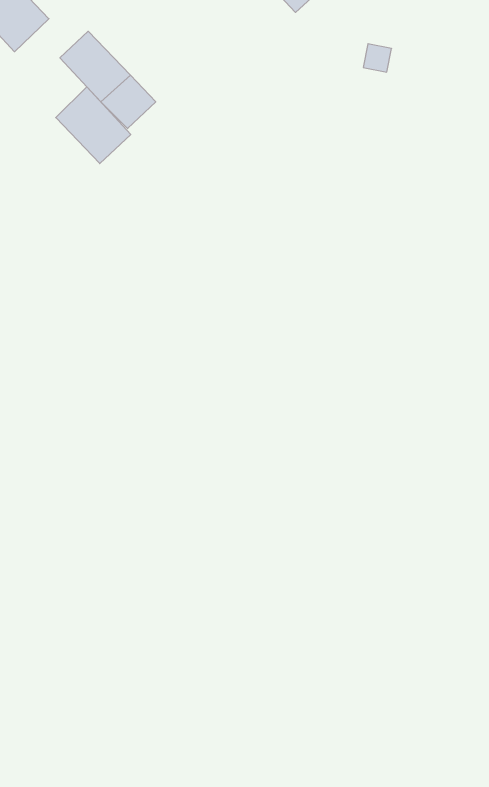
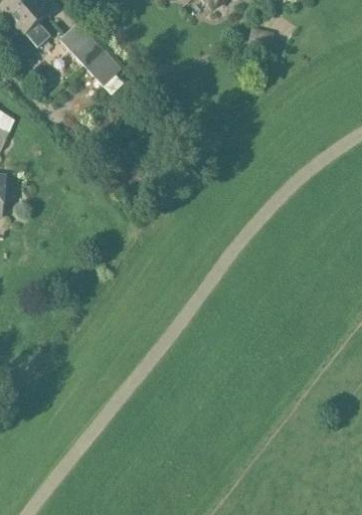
building: [56,87,131,164] -> none

